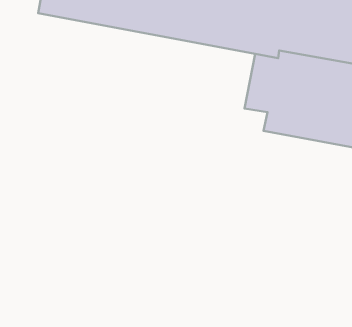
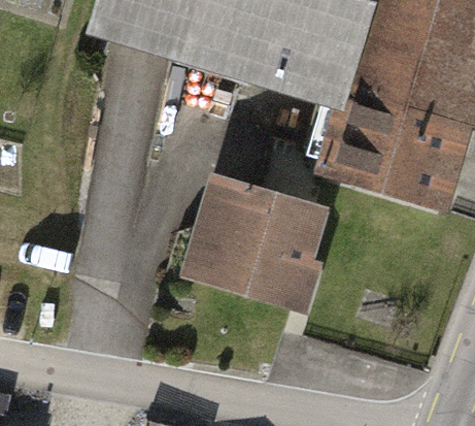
building: none -> [209,186,326,297]

